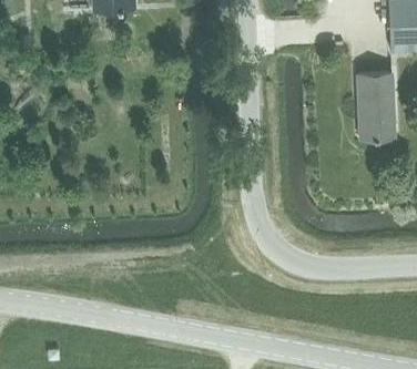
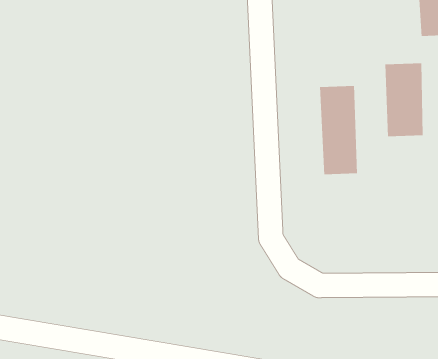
building: none -> [320,85,358,175]

